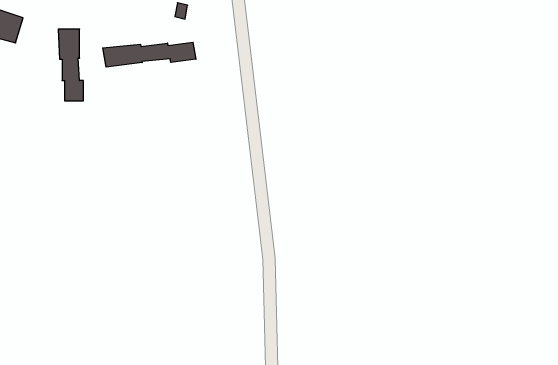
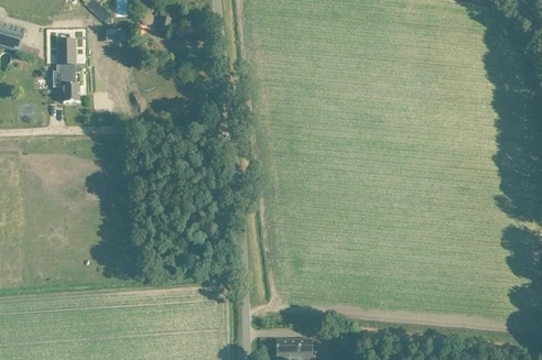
building: [103,42,196,67] -> none

